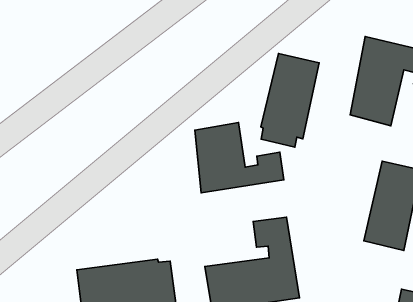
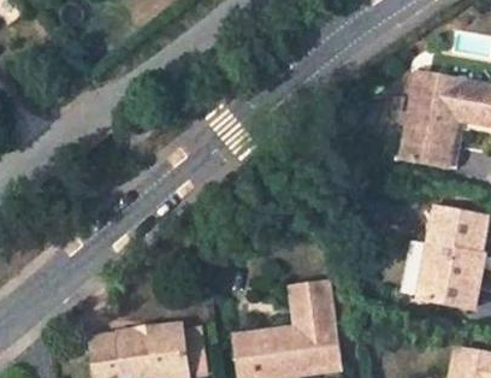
building: [261,53,319,147] -> none
building: [195,122,284,193] -> none

